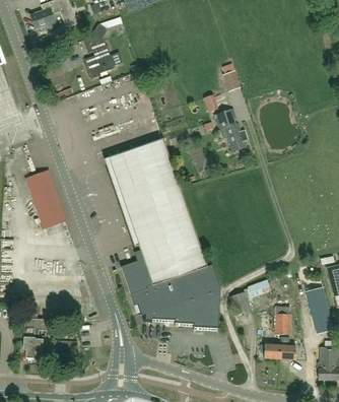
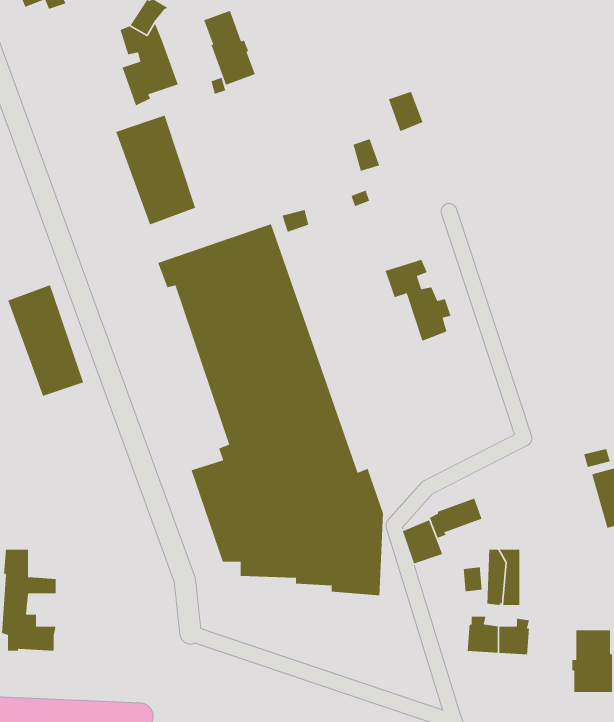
building: none -> [203,10,256,86]
building: none -> [115,114,196,226]
building: [212,109,247,151] -> [384,259,451,342]
building: [306,287,332,331] -> none

